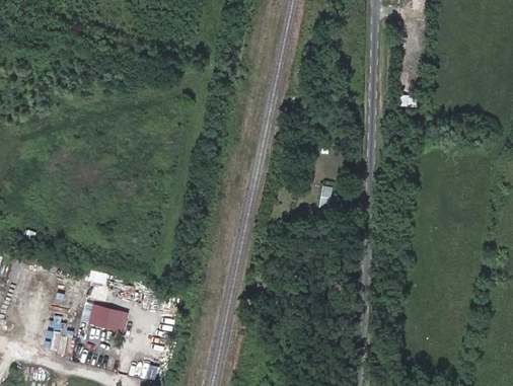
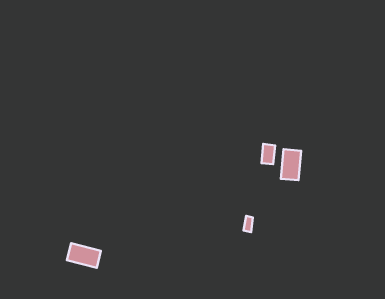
building: none -> [281,149,301,180]

